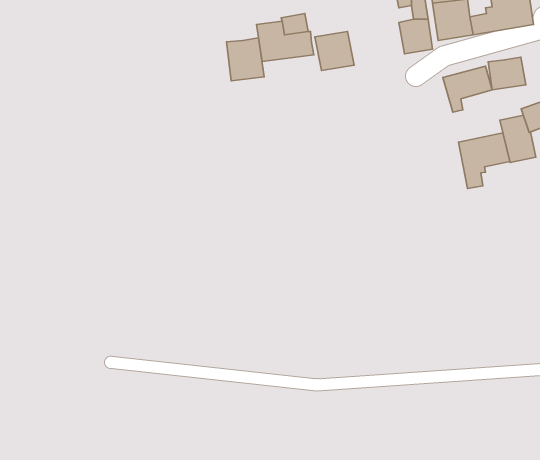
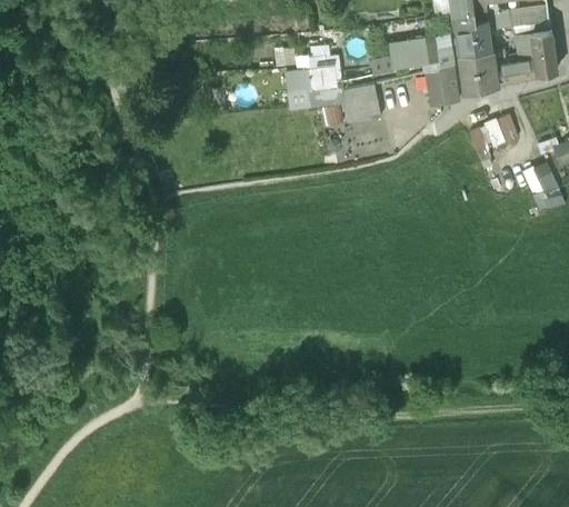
building: [227,38,264,81] -> none
building: [488,57,526,90] -> none
building: [459,133,510,189] -> none

